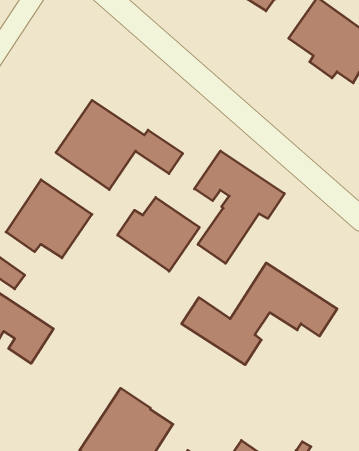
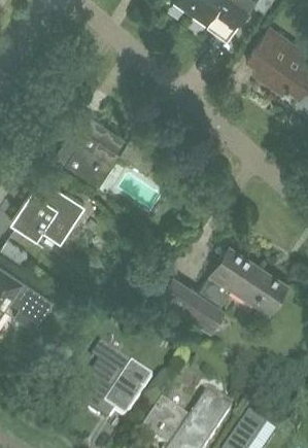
building: [194,151,284,263] -> none
building: [118,197,199,271] -> none

